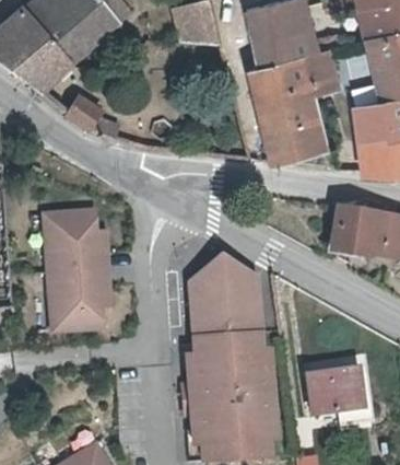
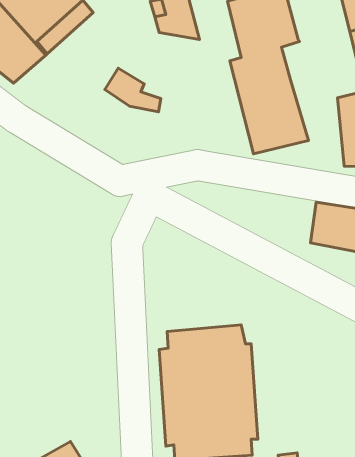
building: [302,49,338,90] -> none
building: [64,95,119,138] -> [105,68,161,112]
building: [45,210,107,329] -> none
building: [187,252,262,335] -> none
building: [308,367,362,412] -> none

